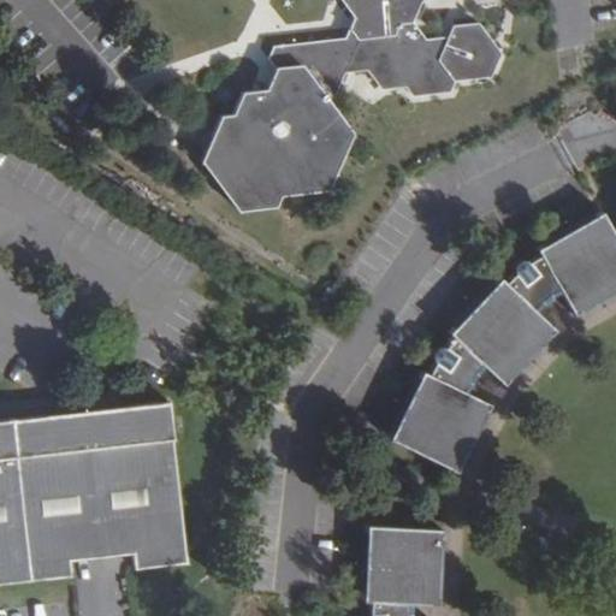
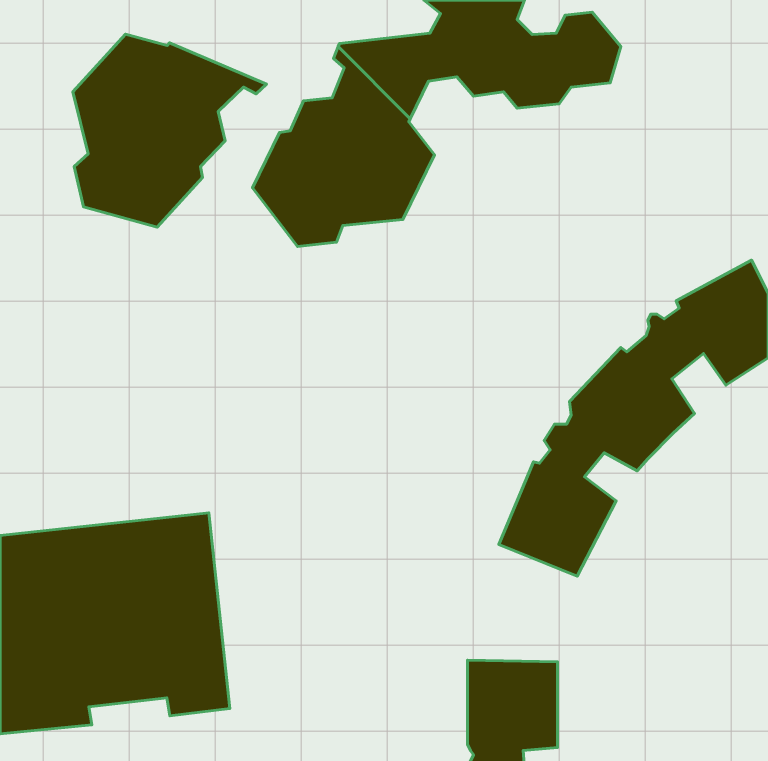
building: none -> [73,34,266,227]

